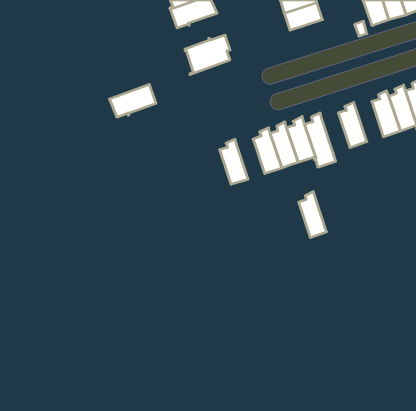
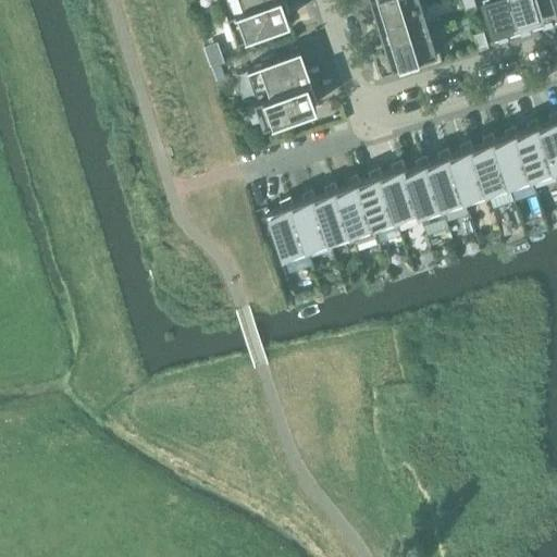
building: none -> [388,36,446,79]
building: [109,84,156,117] -> [256,89,318,133]
building: none -> [475,138,512,198]
building: none -> [431,153,468,213]
building: none -> [270,202,310,263]
building: [299,192,327,237] -> [318,187,355,248]

